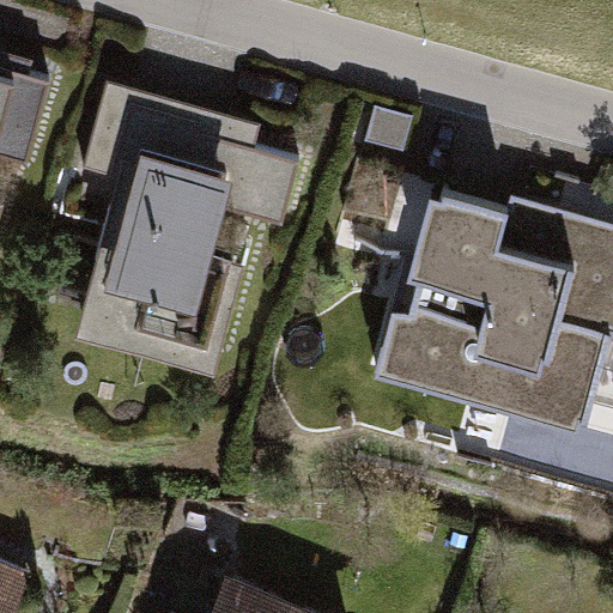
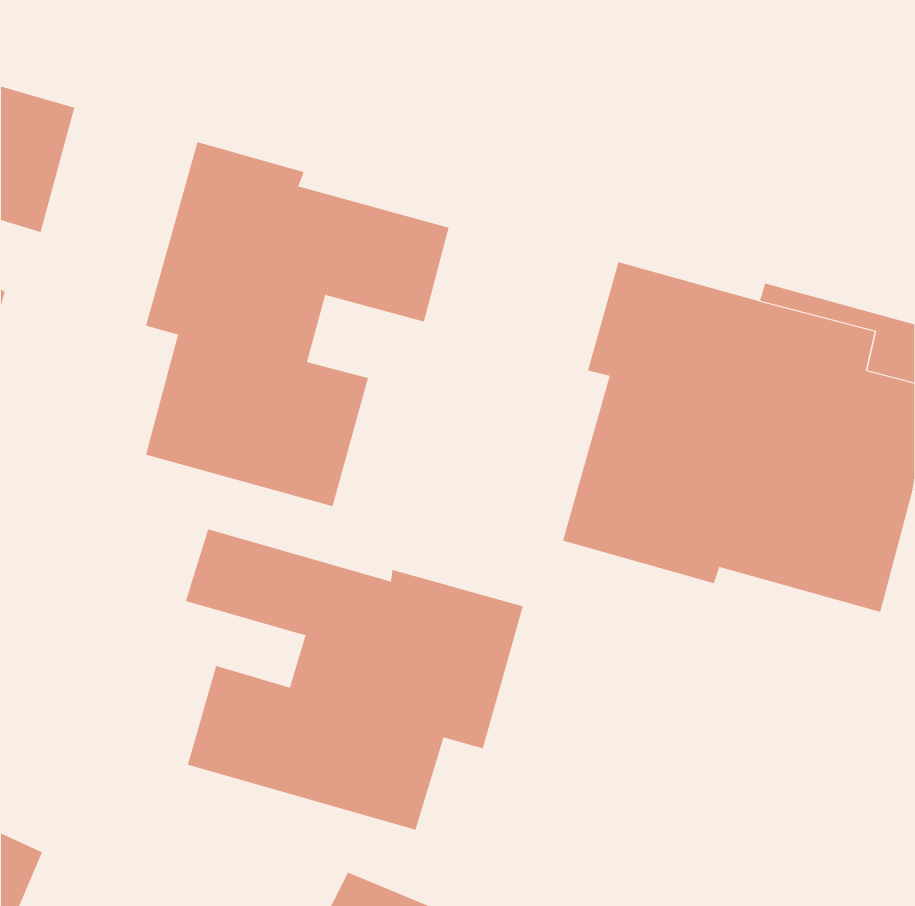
building: none -> [185,529,523,830]

